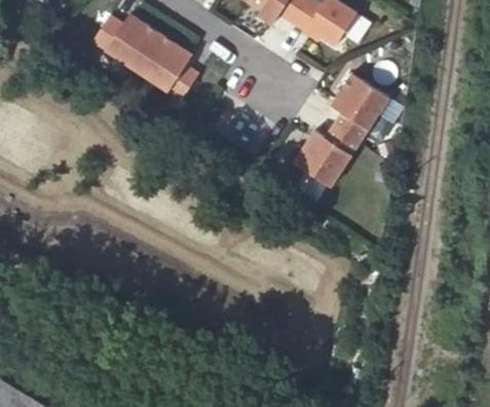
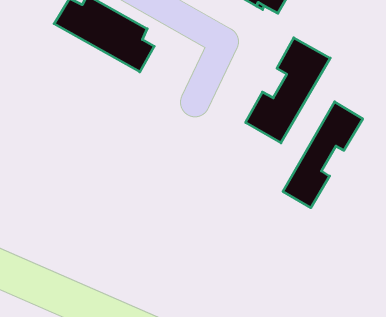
building: none -> [283,102,363,208]

